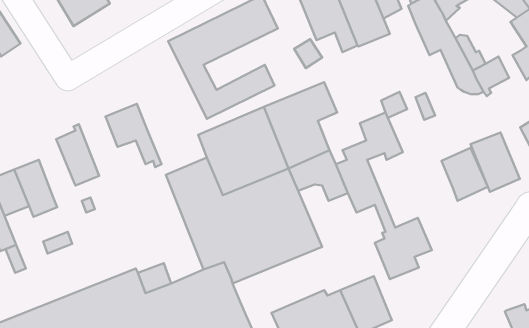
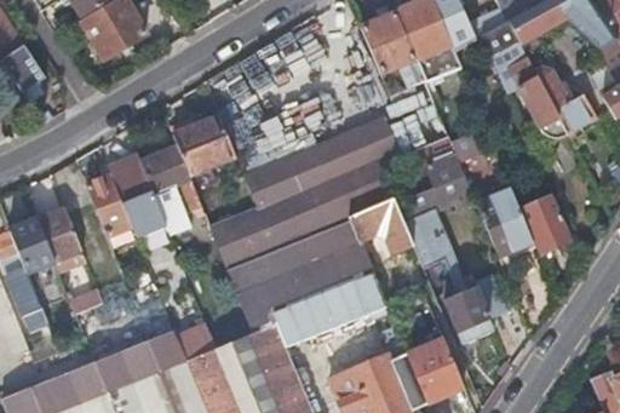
building: none -> [170,117,234,176]
building: none -> [109,160,167,240]
building: [470,132,520,192] -> [476,189,532,256]

